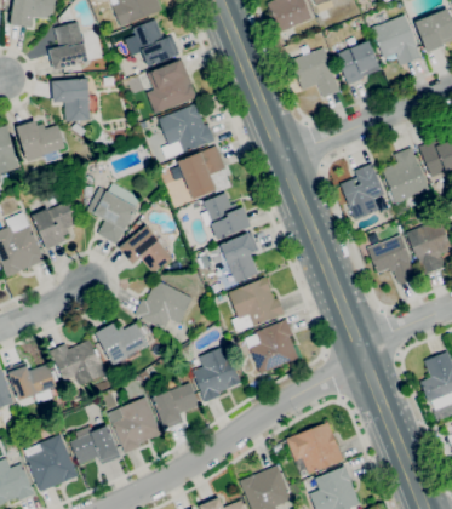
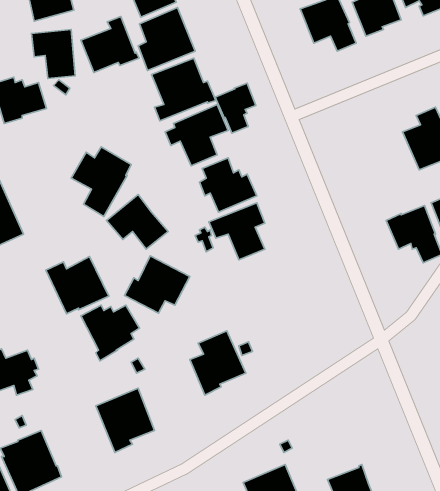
building: none -> [81,16,139,73]
building: none -> [215,83,256,133]
building: [339,165,383,221] -> none
building: [32,201,79,250] -> none
building: [228,278,284,333] -> none
building: [244,320,298,374] -> none
building: [50,339,105,390] -> [46,256,109,314]
building: [151,383,199,430] -> none
building: [286,423,343,475] -> none
building: [69,427,120,465] -> none

